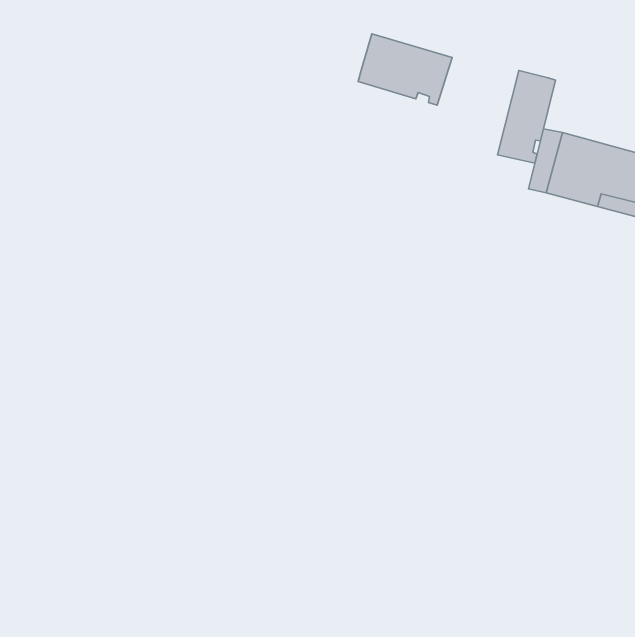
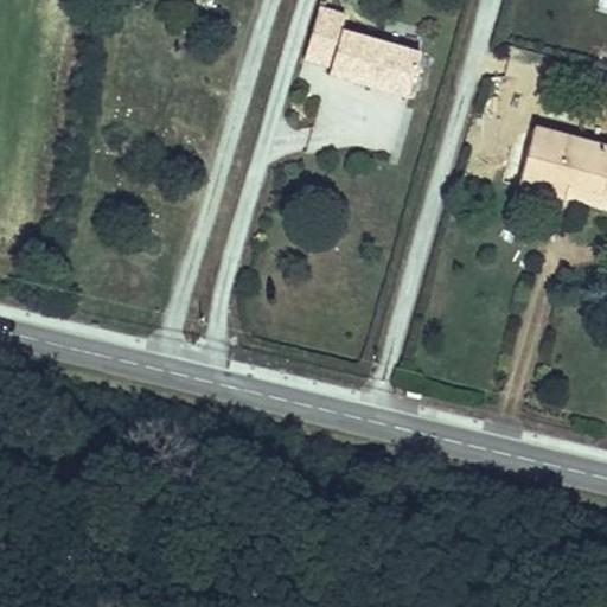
building: none -> [306,7,360,68]
building: [497,70,556,163] -> none

